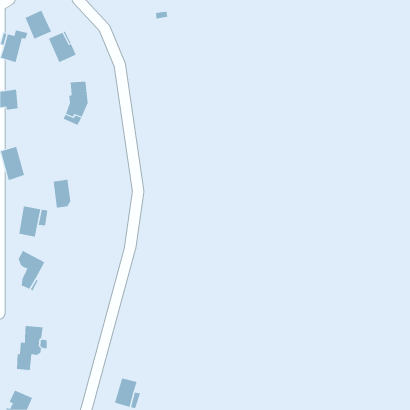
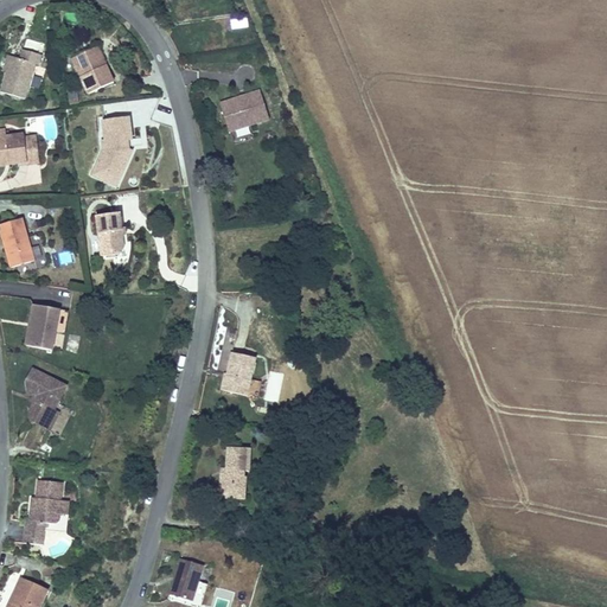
building: [25,10,52,40] -> none
building: none -> [218,90,267,132]
building: [53,179,71,208] -> [96,210,123,253]
building: none -> [219,350,254,392]
building: none -> [218,447,249,500]

